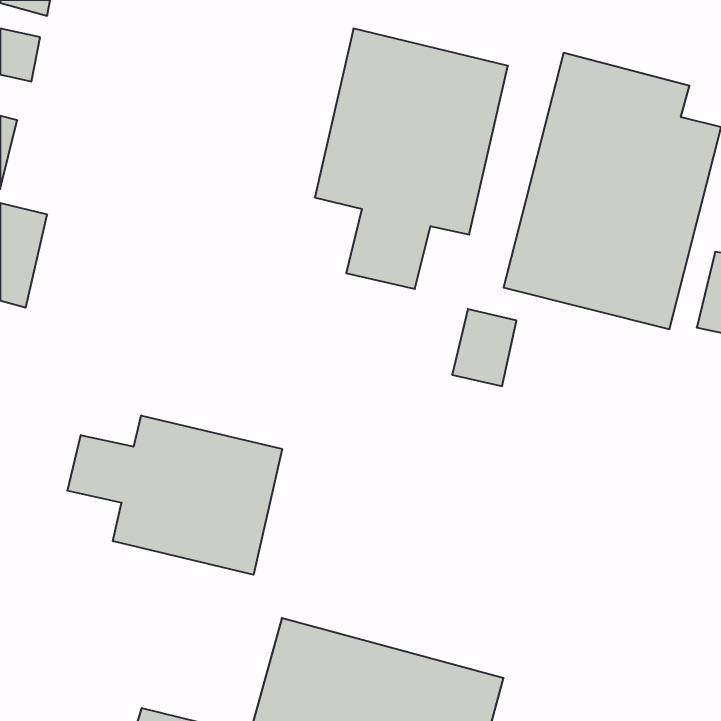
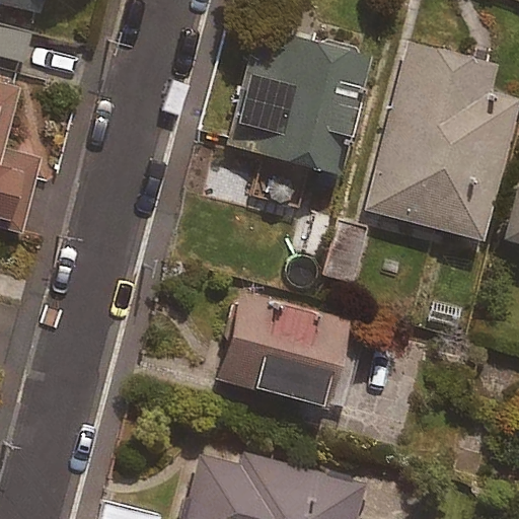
building: none -> [218,294,391,411]
building: [67,415,282,575] -> none

